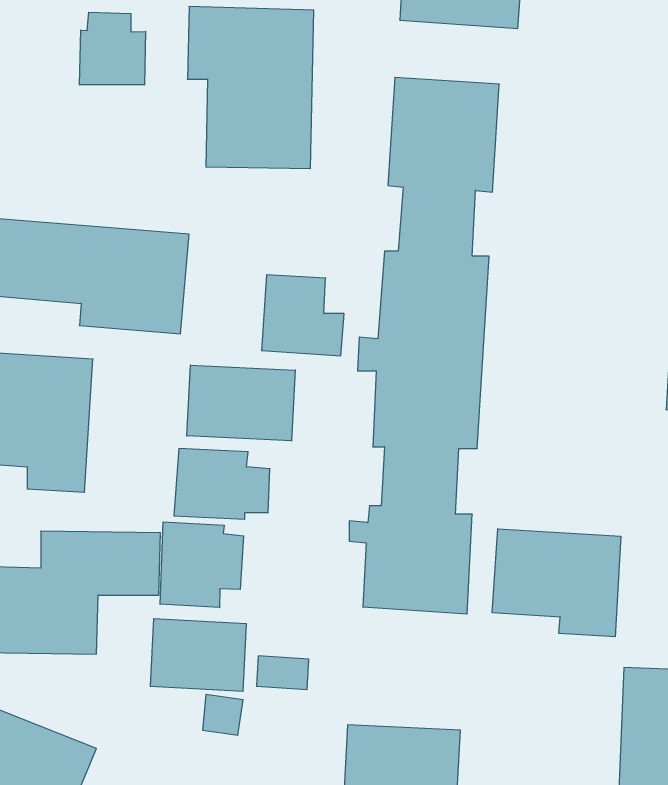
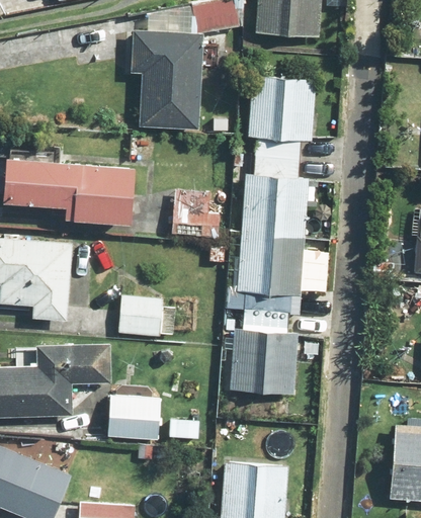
building: [80,12,146,85] -> none
building: [187,365,295,441] -> none
building: [160,522,244,608] -> none
building: [492,529,621,637] -> none

